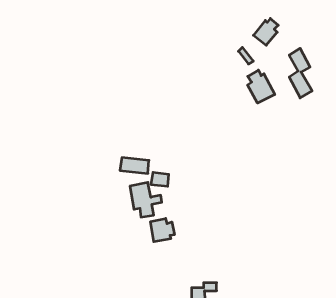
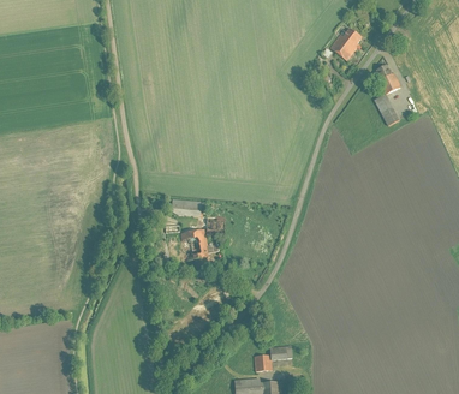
building: [248,70,275,103] -> none
building: [151,218,174,242] -> none

